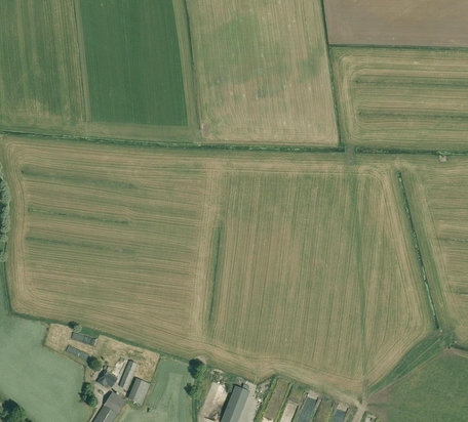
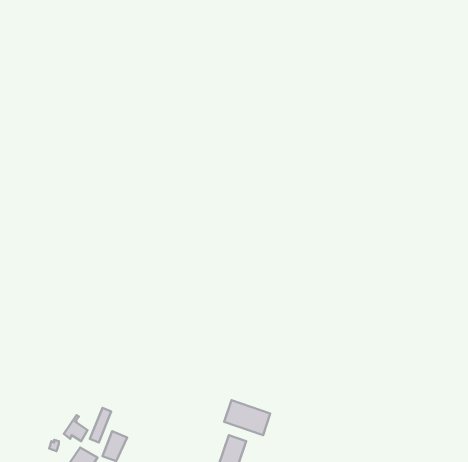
building: none -> [224,400,270,435]

